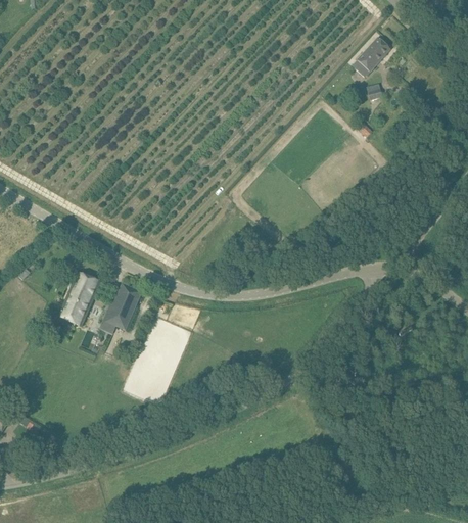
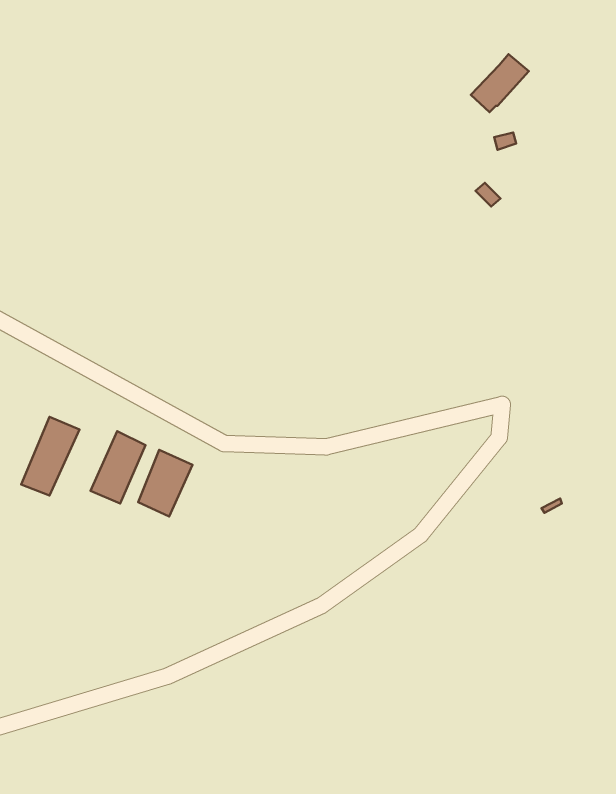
building: none -> [138,450,192,517]

